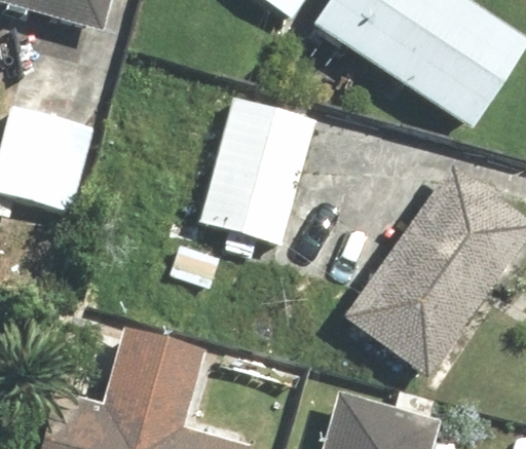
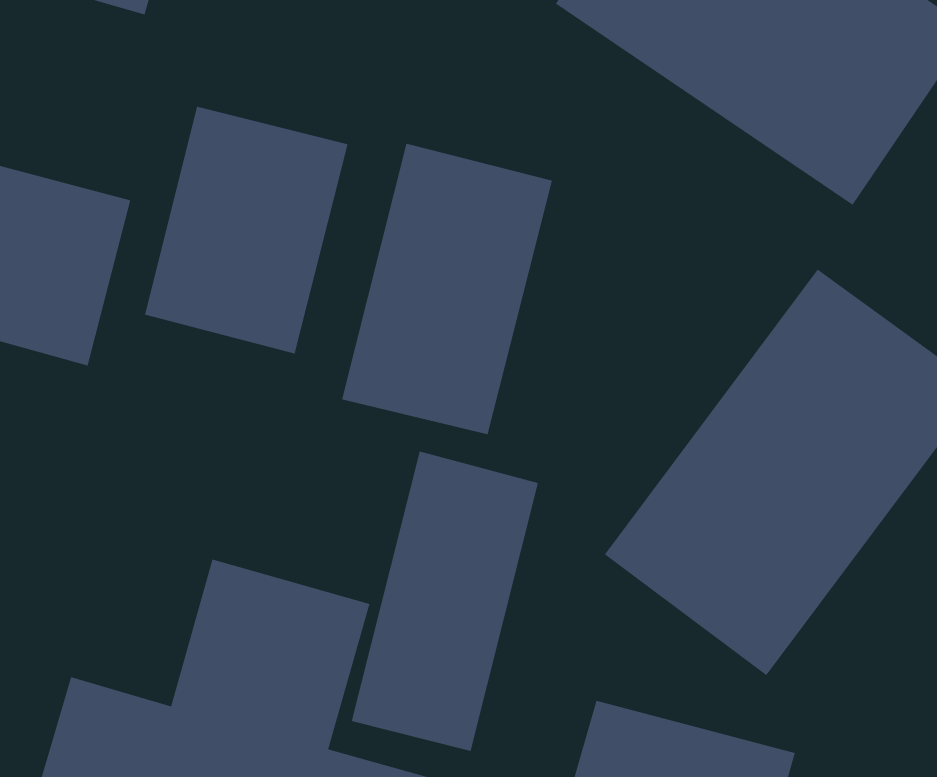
building: none -> [144,106,348,355]
building: none -> [351,451,539,752]

